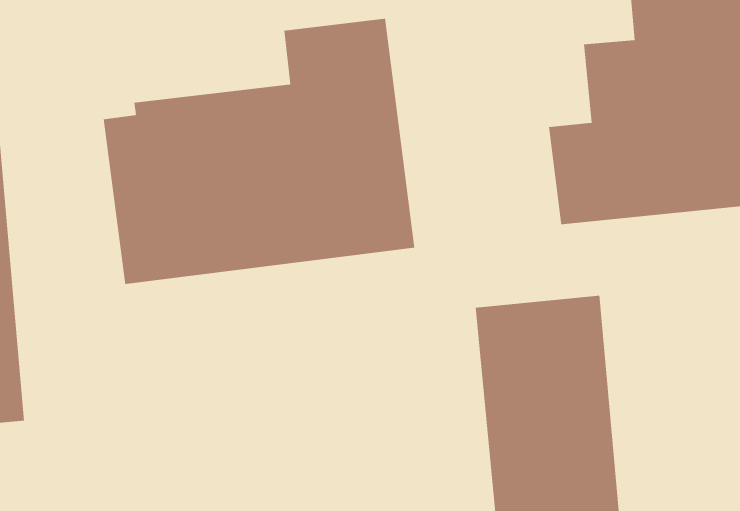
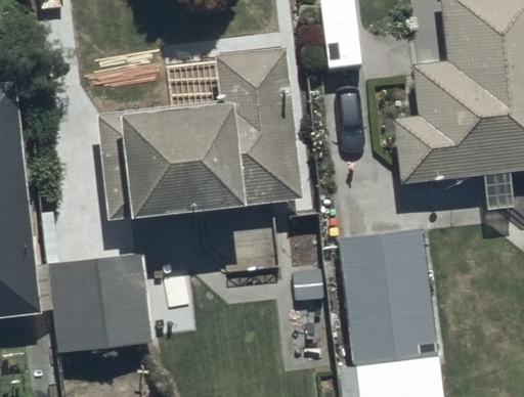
building: none -> [47,254,154,354]

